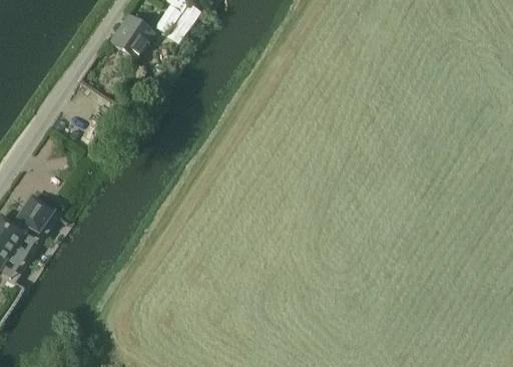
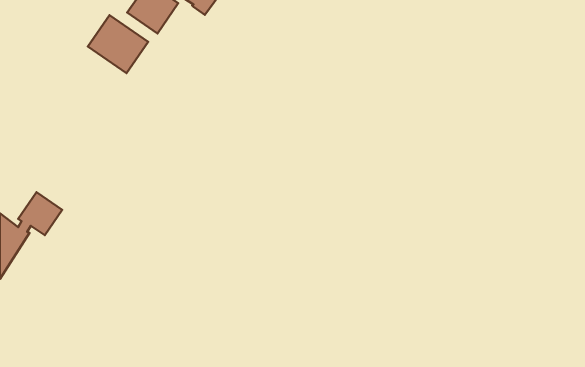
building: none -> [88,15,148,73]

